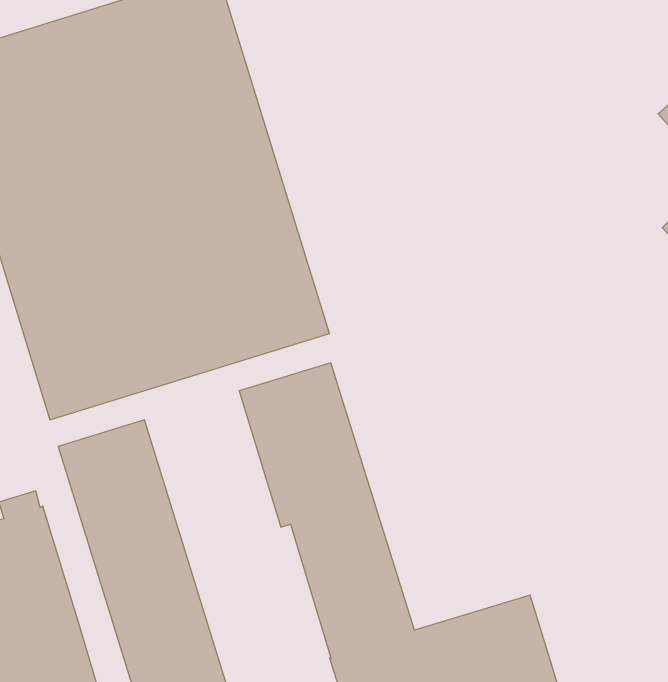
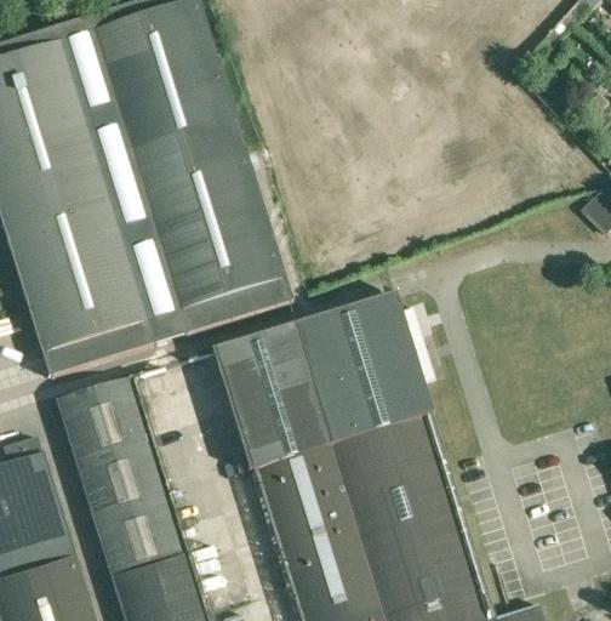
building: none -> [293,297,467,562]

